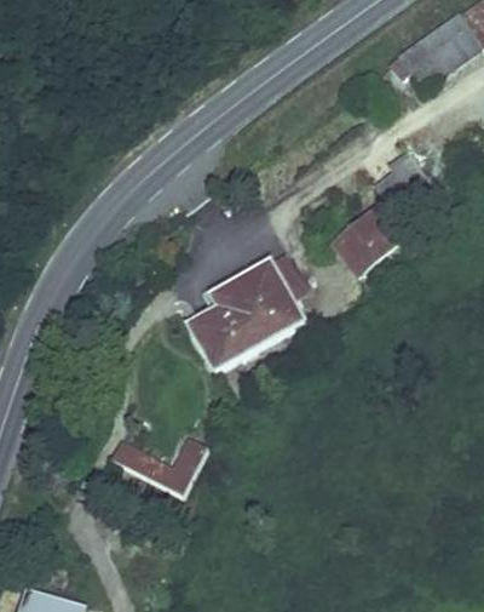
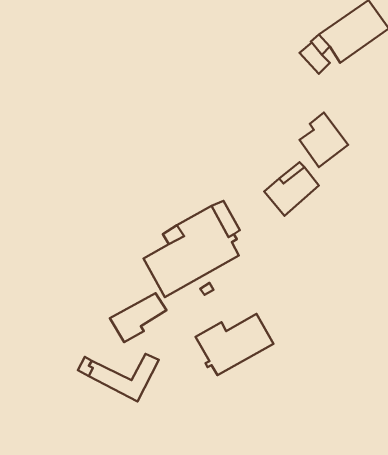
building: none -> [110,293,166,342]
building: none -> [195,314,273,375]

